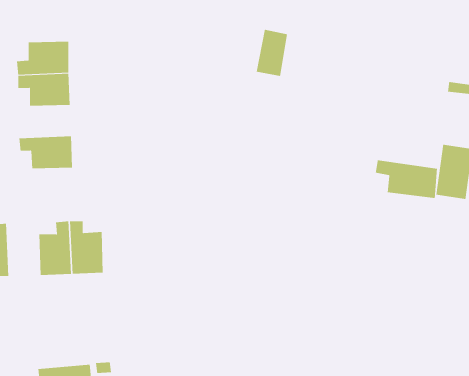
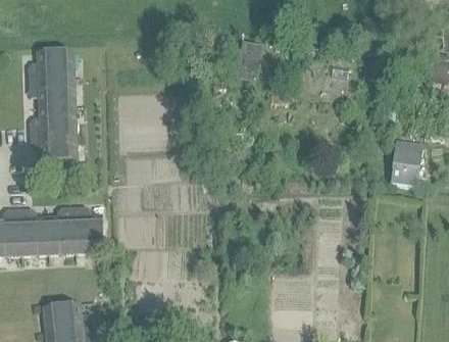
building: none -> [30,106,76,135]
building: [375,160,438,199] -> none
building: none -> [19,208,48,254]
building: none -> [43,303,92,334]

